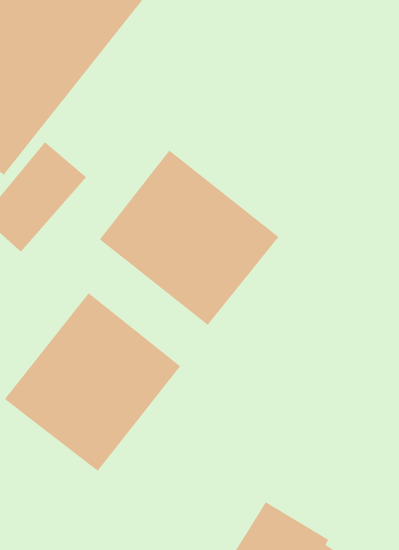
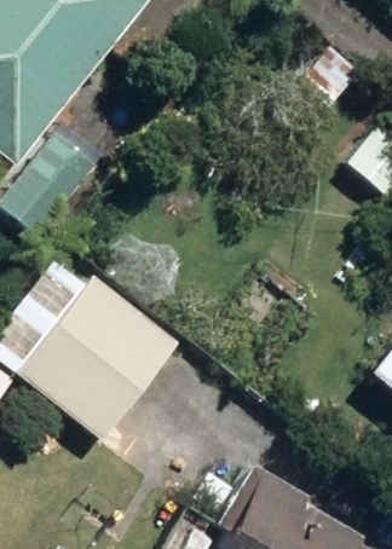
building: [99,149,280,326] -> none

